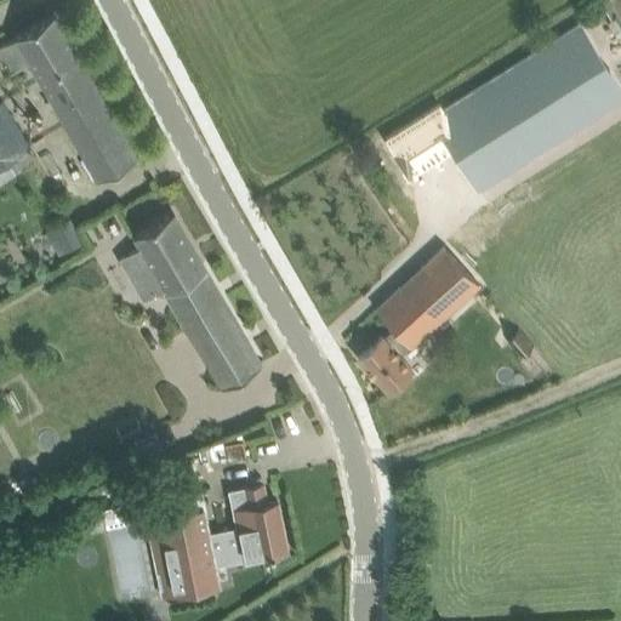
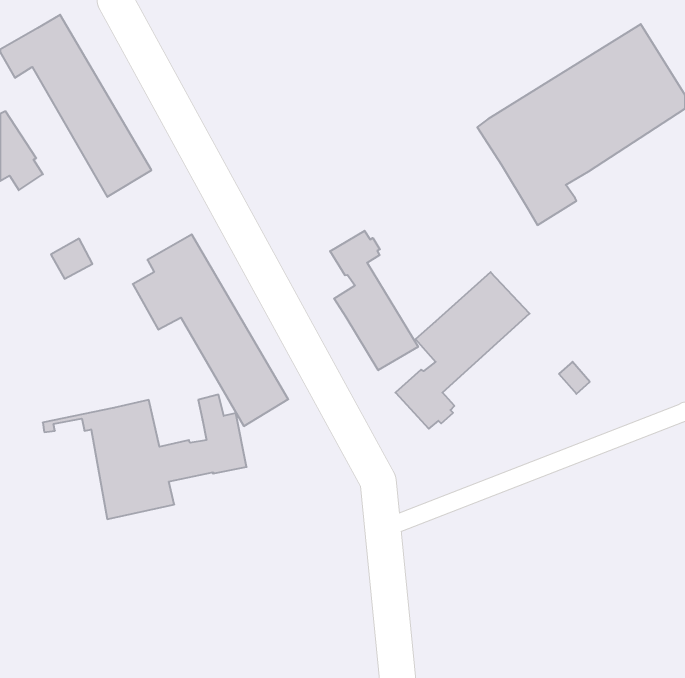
building: none -> [330,231,418,370]
building: [103,489,287,602] -> [43,395,247,519]

